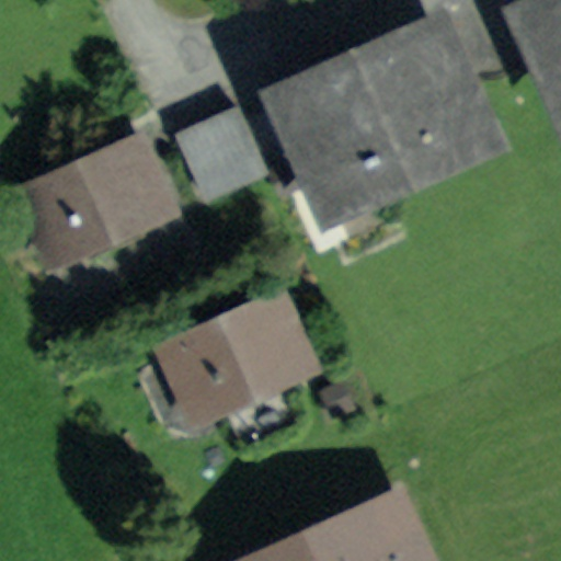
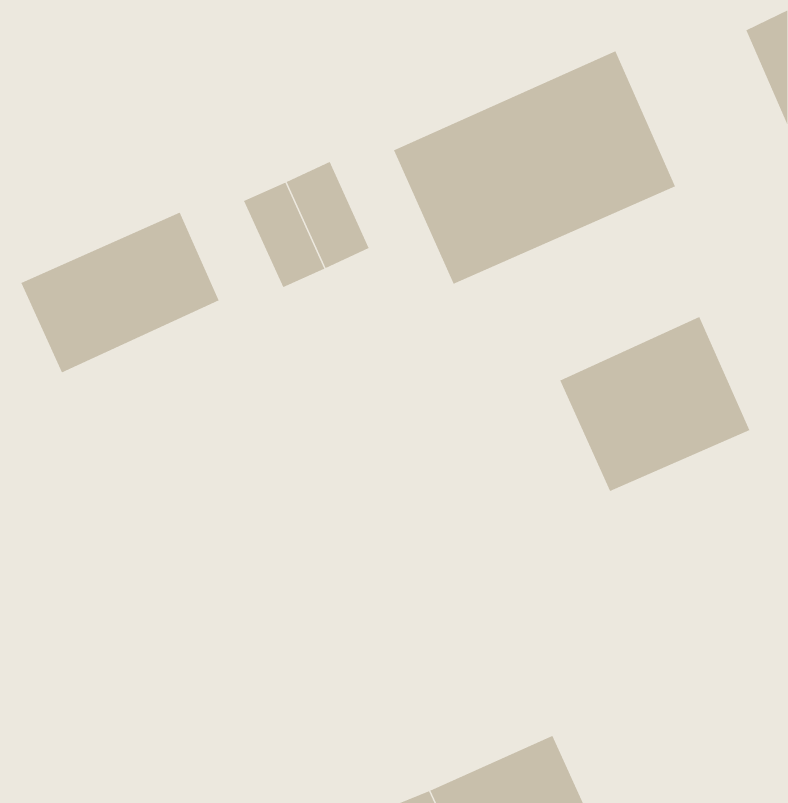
building: none -> [560,316,750,492]
building: [158,307,295,422] -> none

